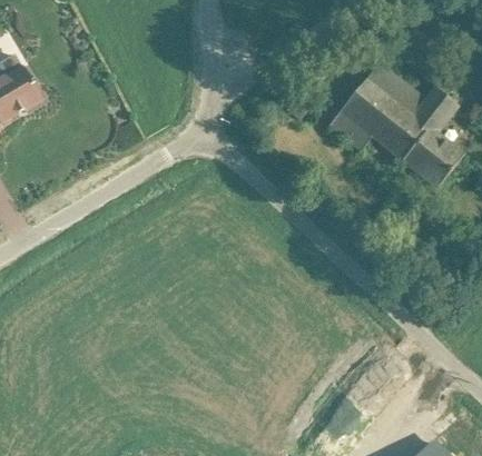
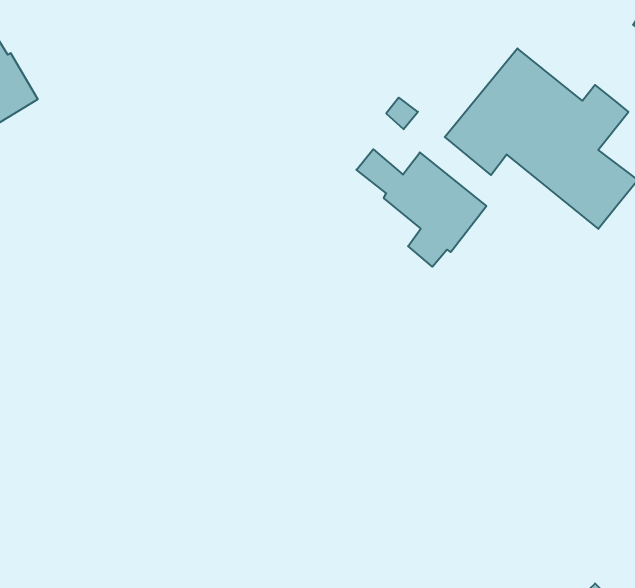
building: none -> [356,149,486,267]

